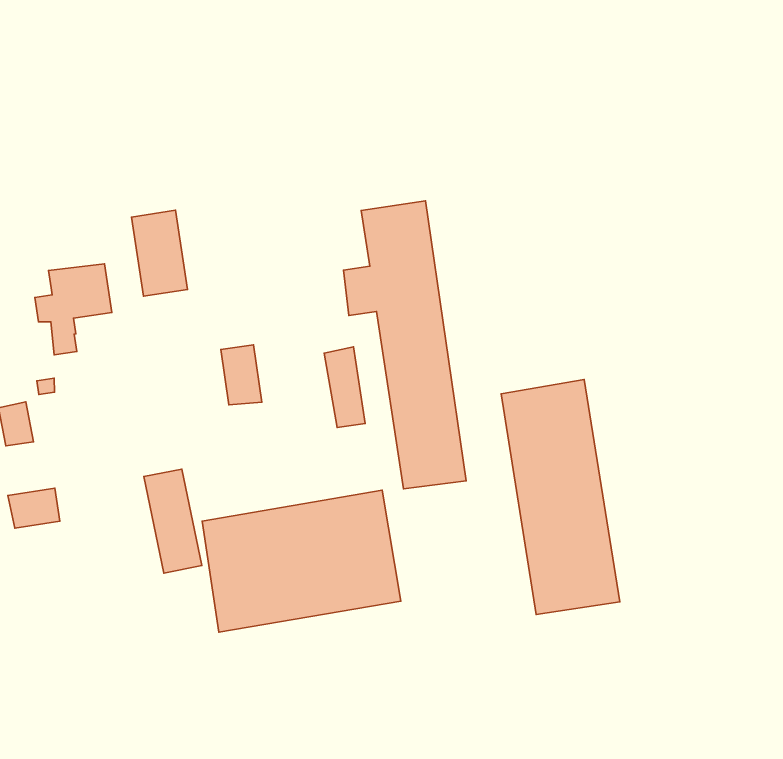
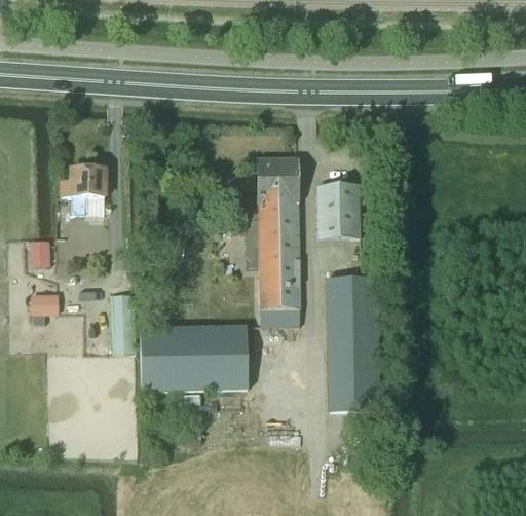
building: [132,210,188,296] -> none
building: none -> [321,186,360,238]
building: [221,345,262,405] -> none

